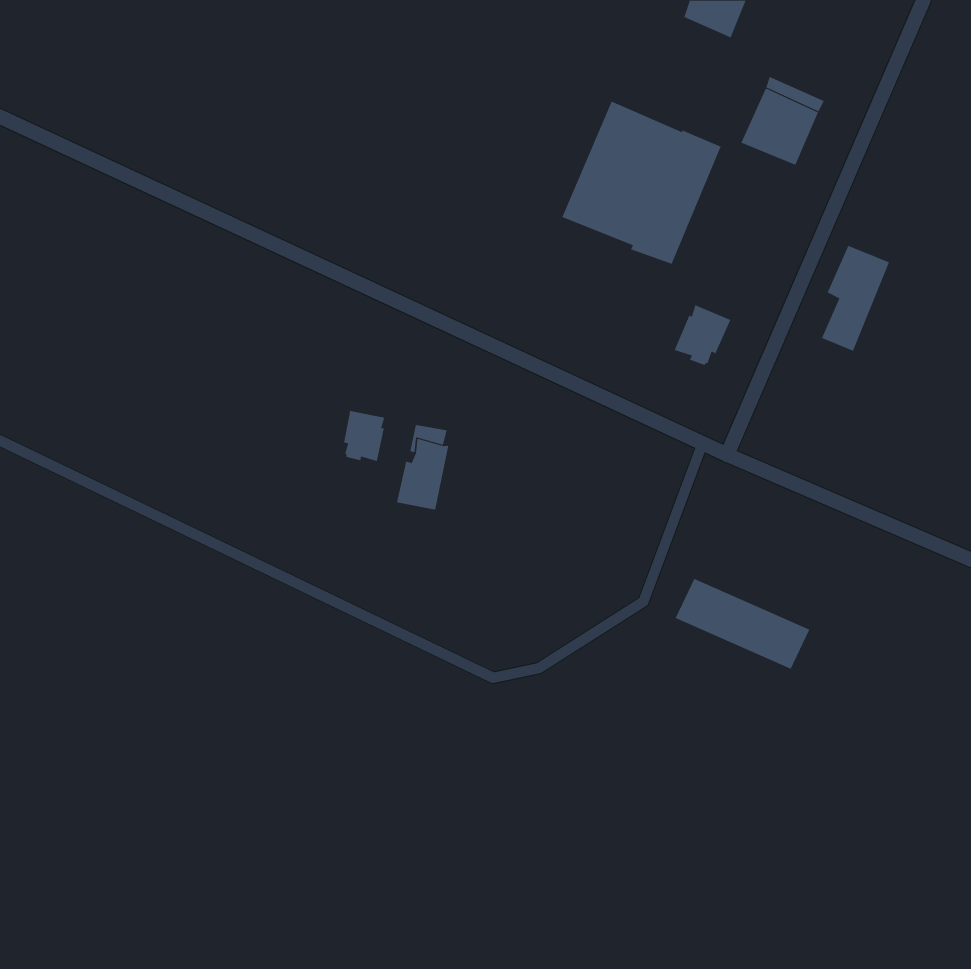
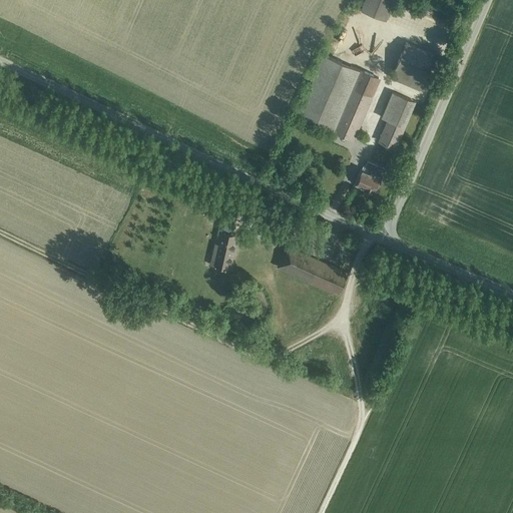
building: [821,245,890,352] -> [377,93,413,149]
building: [344,410,385,462] -> none
building: [675,578,810,670] -> [276,247,347,296]

